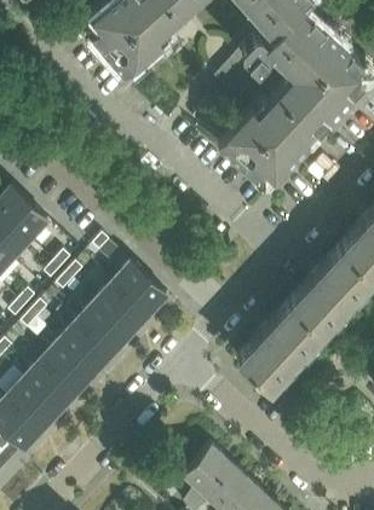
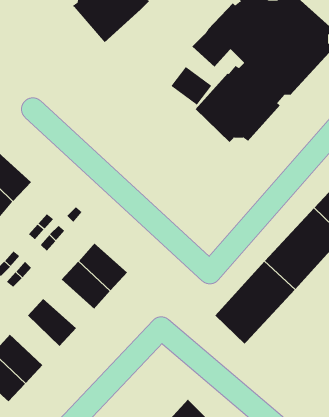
building: [111,263,165,315] -> none
building: [58,323,111,373] -> none
building: [23,360,75,412] -> none

